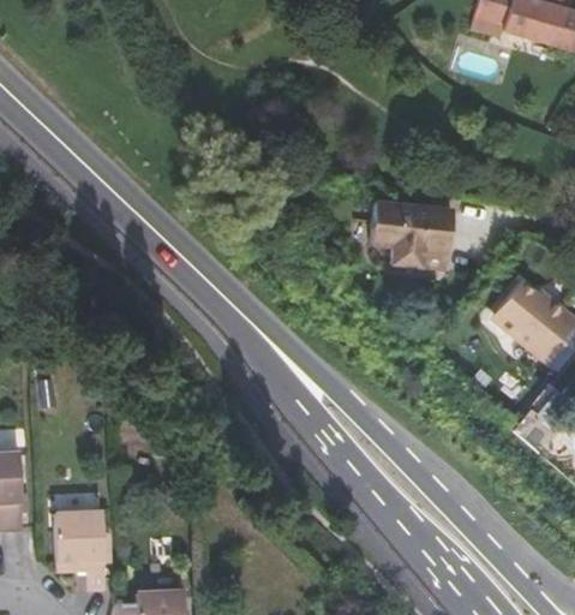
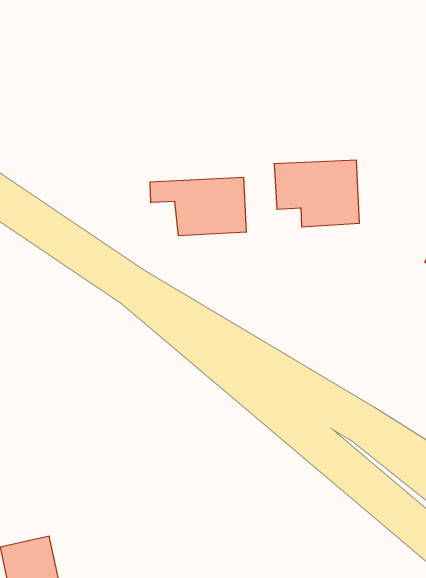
building: none -> [150,177,246,236]

